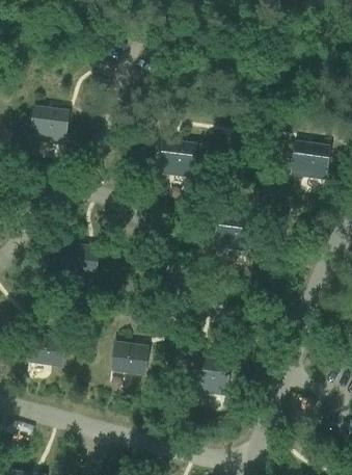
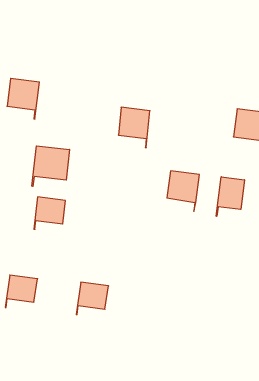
building: none -> [32,146,69,186]
building: none -> [216,177,244,216]
building: [191,359,228,404] -> none

